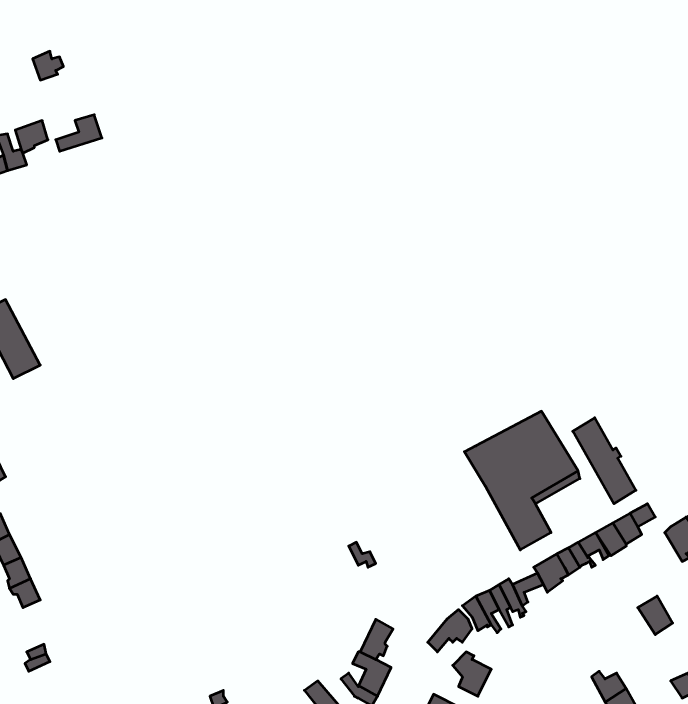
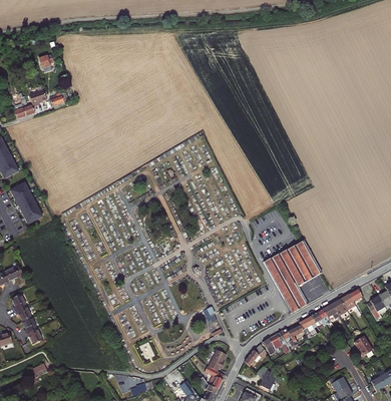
building: [573,418,636,504] -> none

